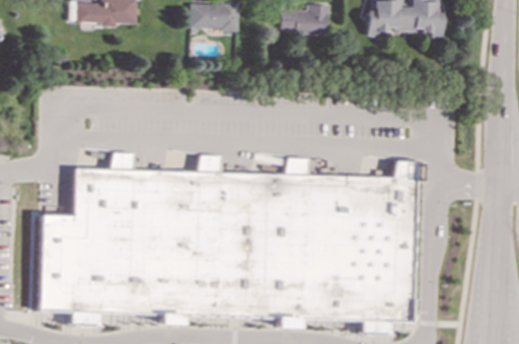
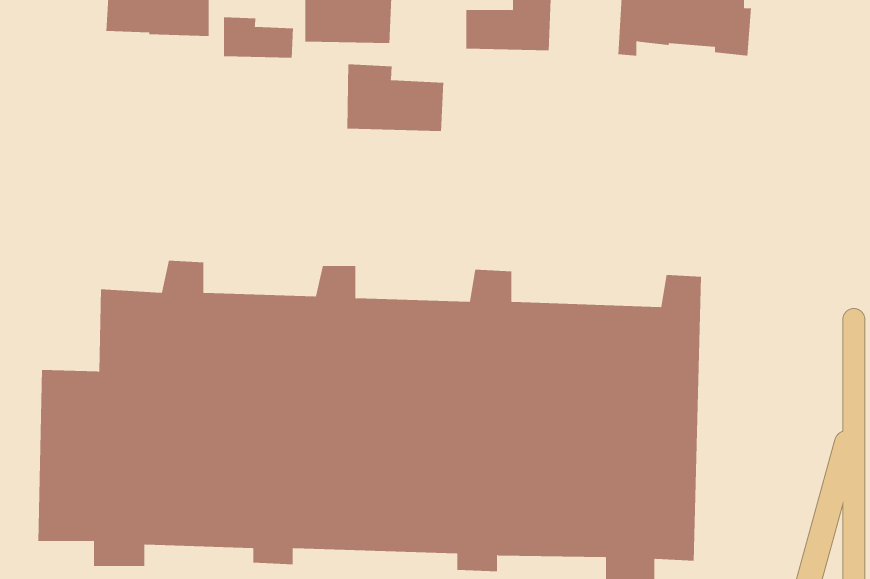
building: none -> [223,17,294,58]
building: none -> [347,64,444,132]

